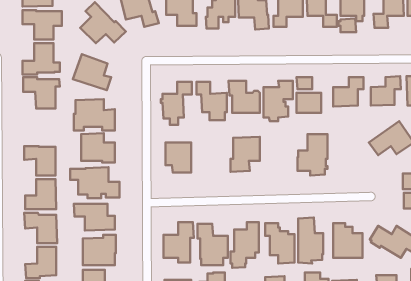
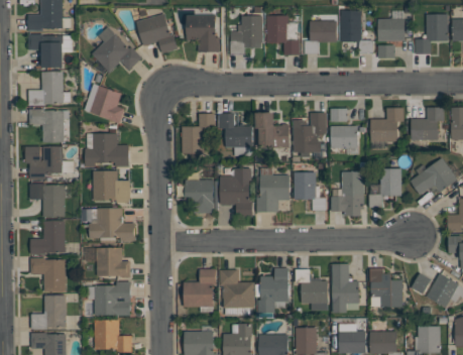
building: none -> [24,146,75,179]
building: none -> [219,162,253,217]
building: none -> [369,167,401,207]
building: none -> [294,171,327,210]

